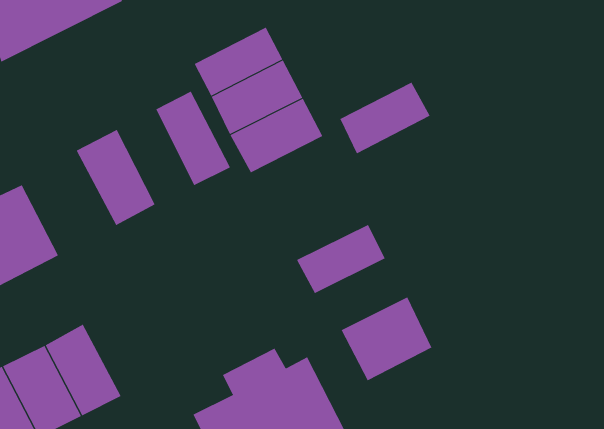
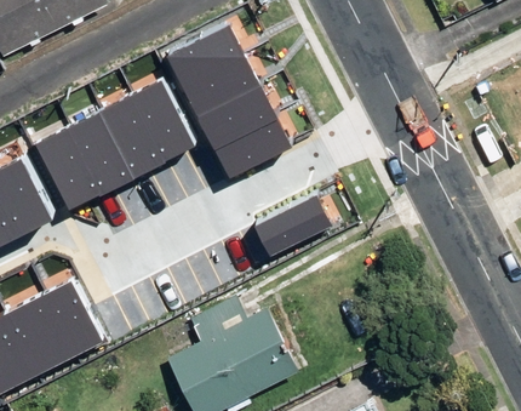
building: [340,82,430,154] -> [216,119,293,181]
building: none -> [102,96,167,177]
building: none -> [38,131,101,211]
building: [341,297,432,381] -> none

